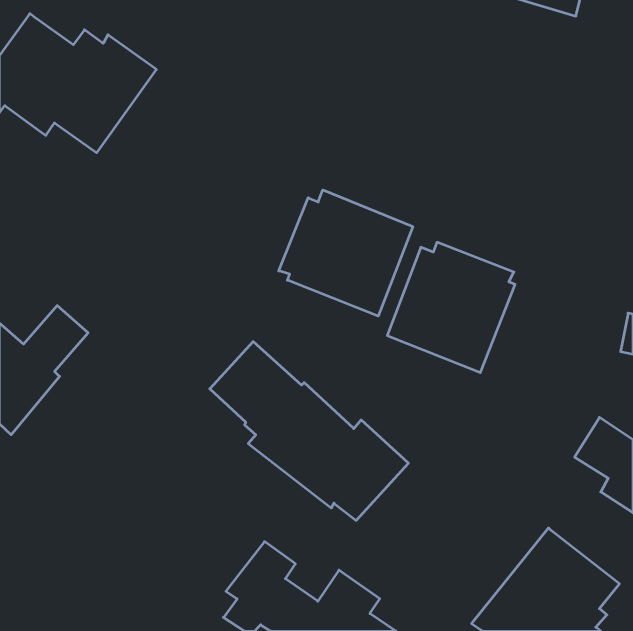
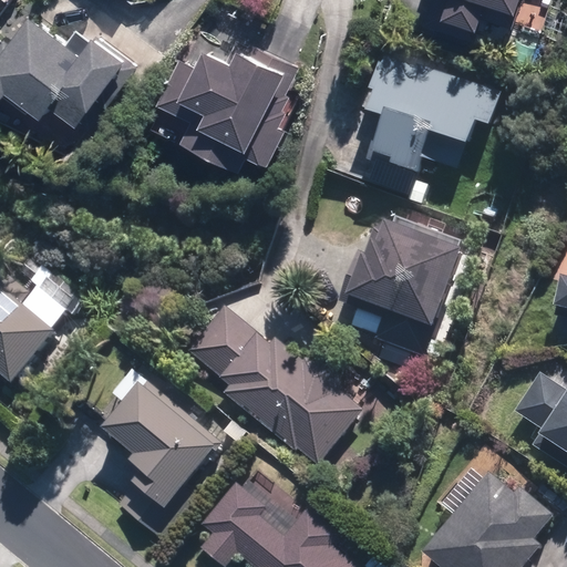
building: none -> [155,32,296,168]
building: none -> [361,45,505,178]
building: [279,190,413,316] -> none
building: none -> [99,385,215,540]

